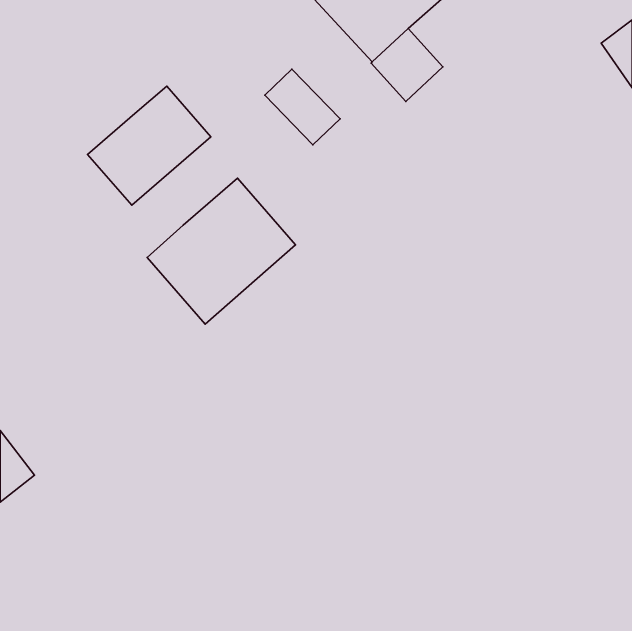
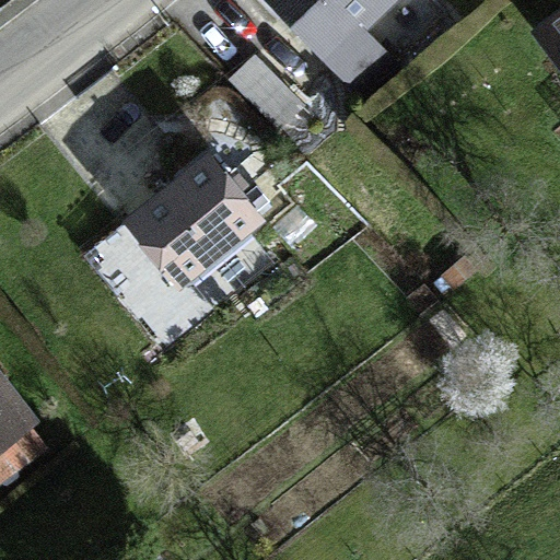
building: [88,86,211,205] -> none

